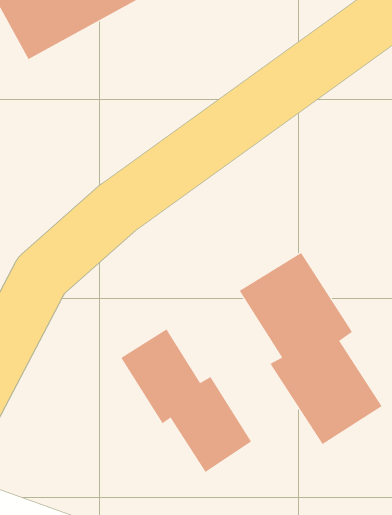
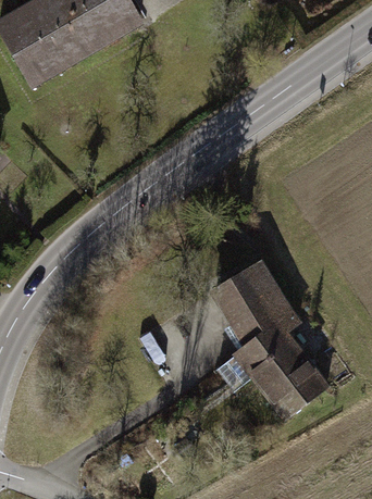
building: [121,328,252,473] -> none

